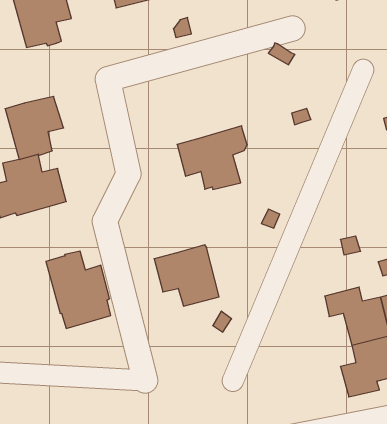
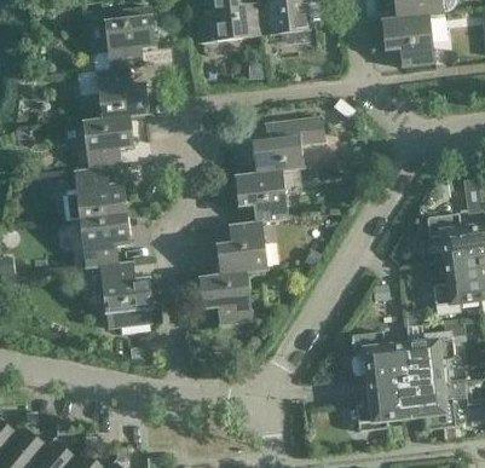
building: none -> [96,65,149,117]
building: none -> [252,116,324,173]
building: none -> [216,219,267,275]
building: none -> [79,213,129,267]

